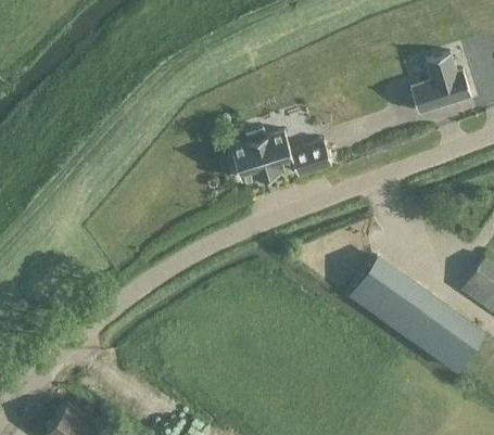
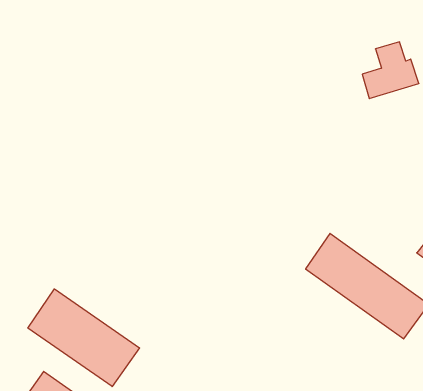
building: [231,130,332,182] -> none
building: none -> [28,289,140,387]

